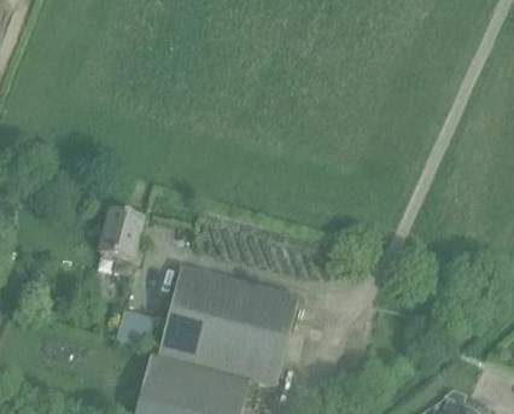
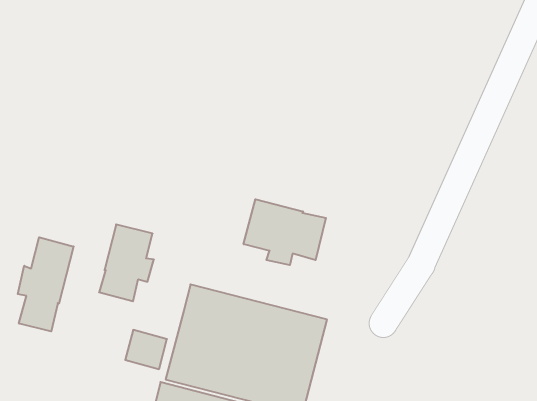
building: none -> [244,199,326,265]
building: none -> [18,237,74,331]

